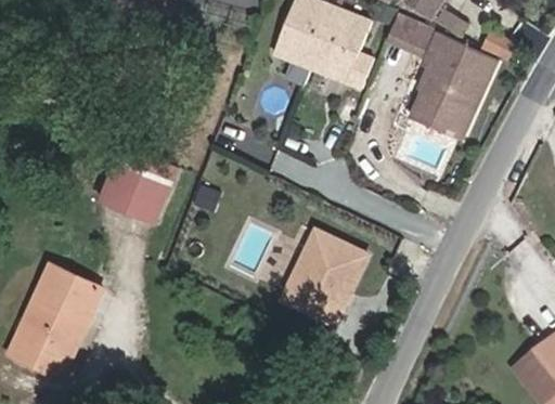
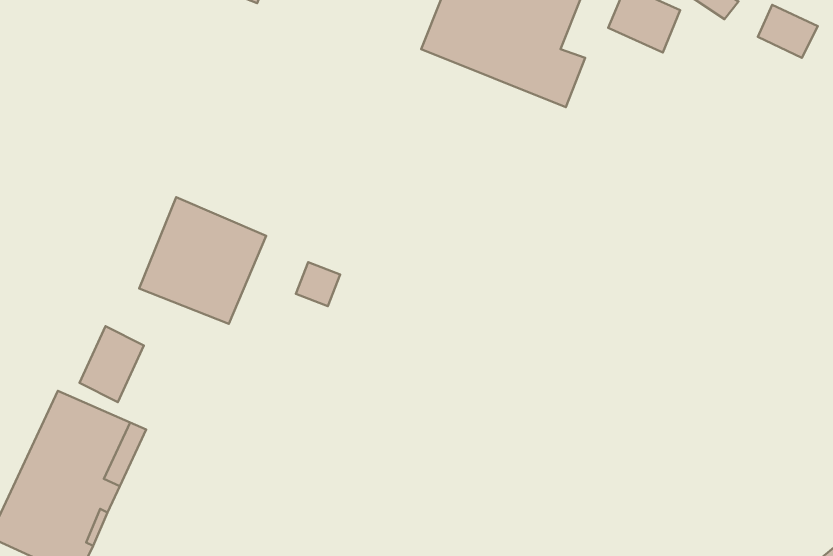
building: [410,31,496,140] -> none
building: none -> [80,326,144,402]
building: [283,230,366,323] -> none

